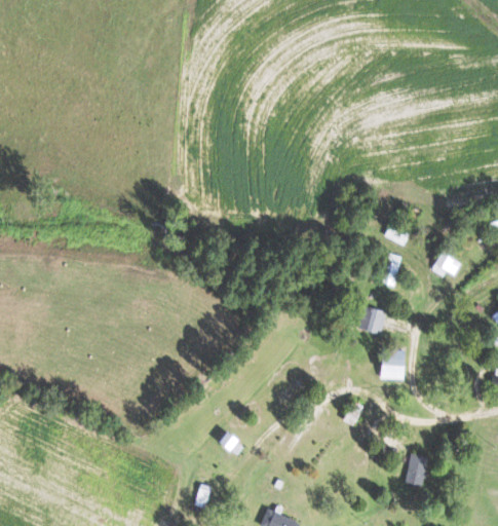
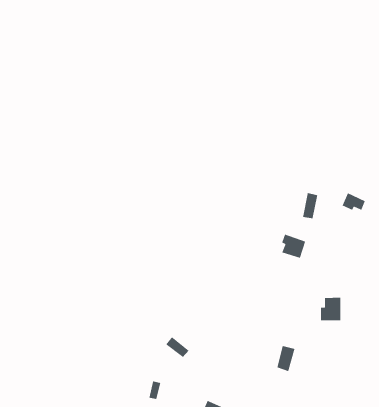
building: [378,350,404,380] -> [320,297,341,321]
building: [406,453,429,486] -> [276,345,296,372]

